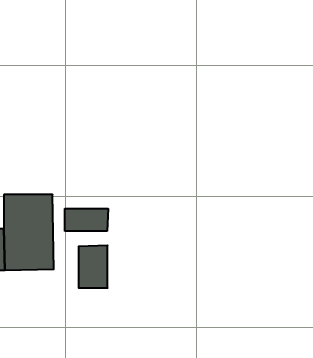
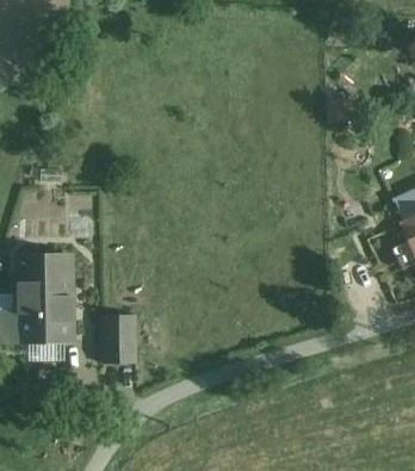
building: [65,209,108,231] -> none

